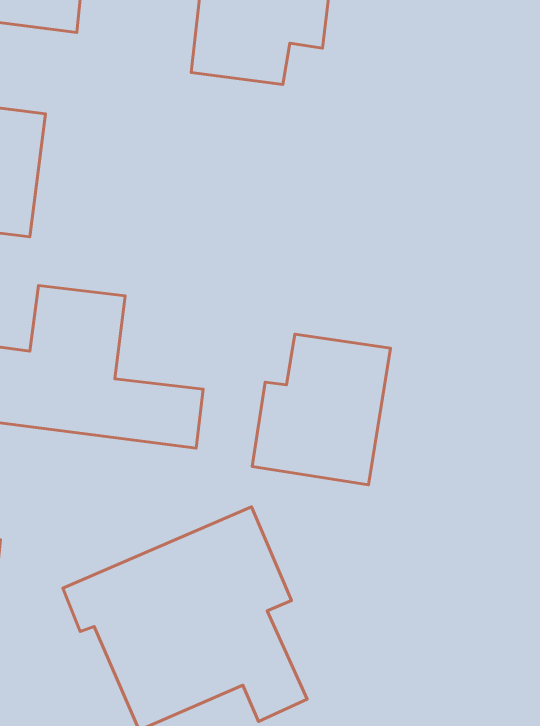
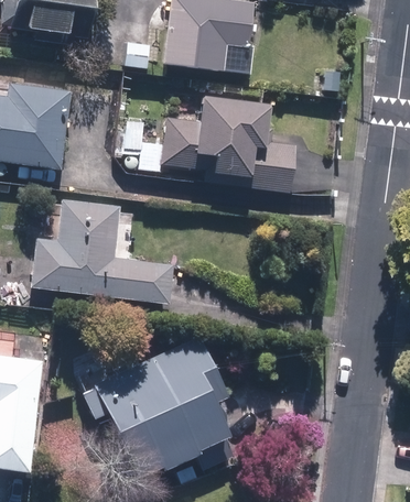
building: none -> [162,99,296,194]
building: [252,334,390,485] -> none

